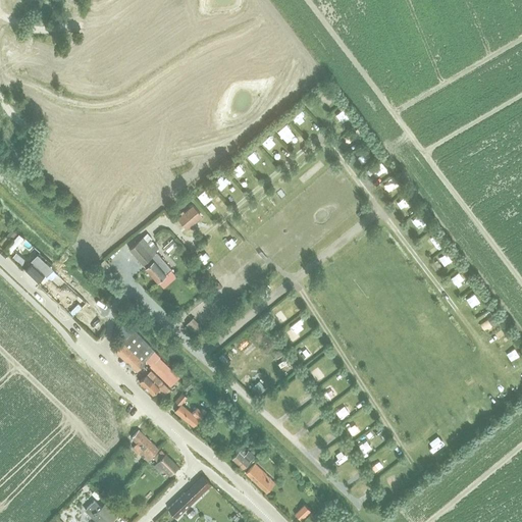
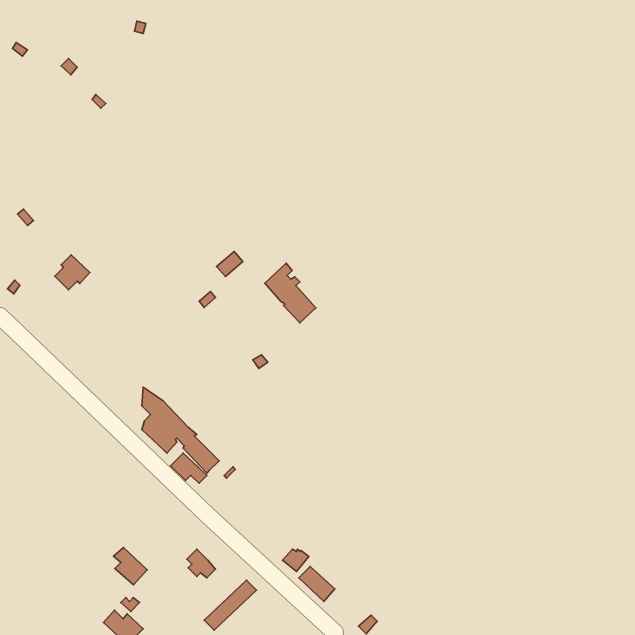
building: [130,233,172,282] -> [265,263,316,323]
building: [27,254,55,282] -> [55,255,90,290]
building: [174,393,206,427] -> none
building: [132,430,159,461] -> [113,547,147,585]

